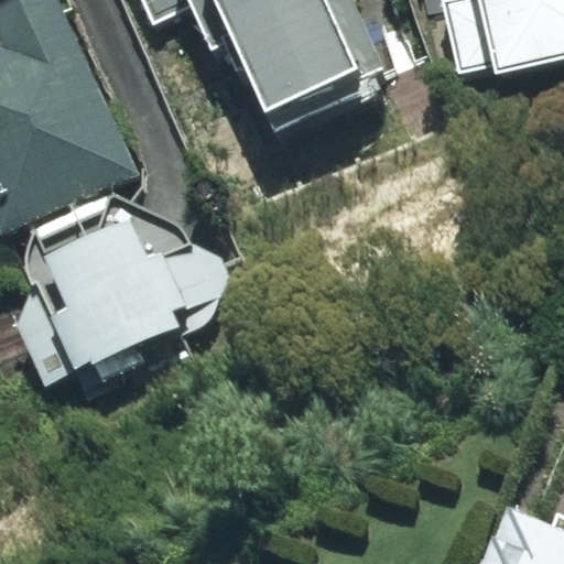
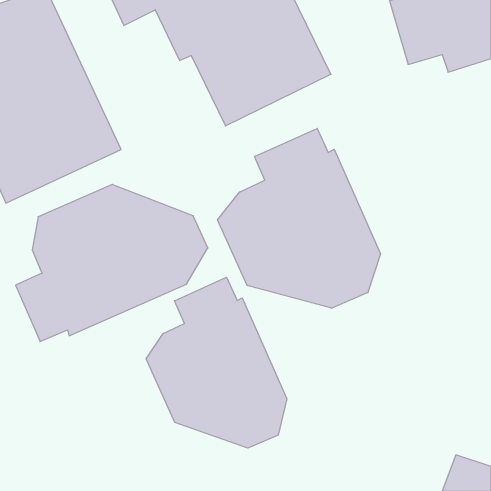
building: none -> [218,128,380,308]
building: none -> [146,277,287,448]

